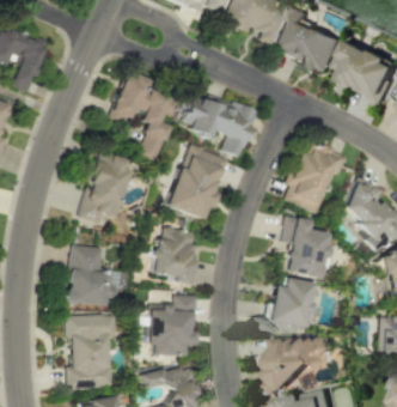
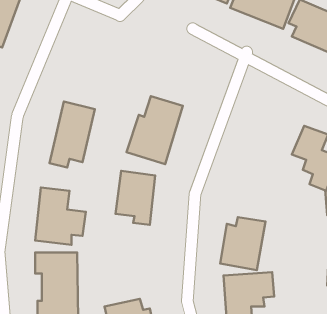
building: [109,72,179,162] -> none
building: [181,93,257,157] -> none
building: [282,145,343,213] -> none
building: [281,215,331,278] -> none
building: [149,294,195,354] -> none

